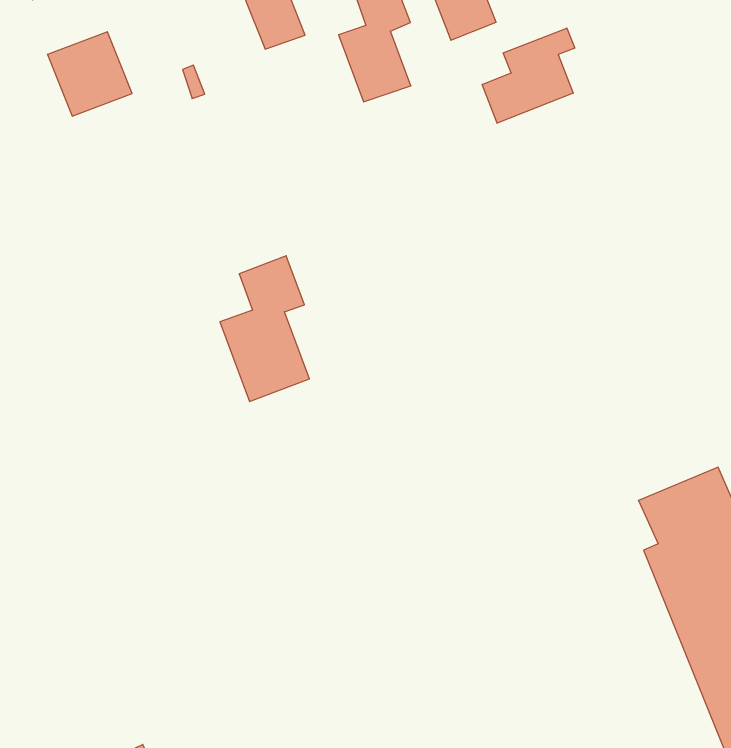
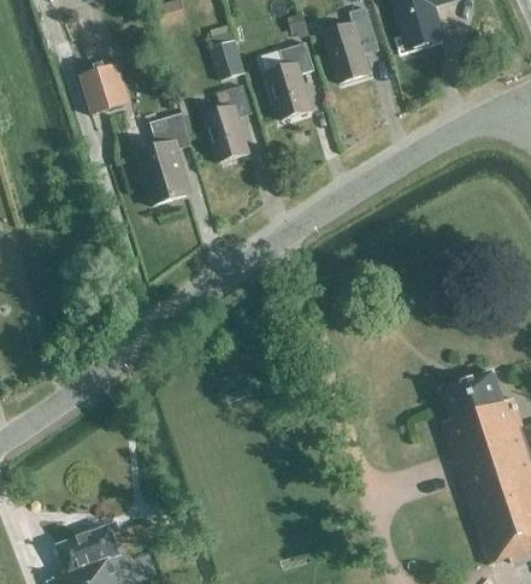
building: [482,28,575,123] -> none
building: none -> [203,82,252,160]
building: [220,256,309,402] -> [136,111,191,203]

